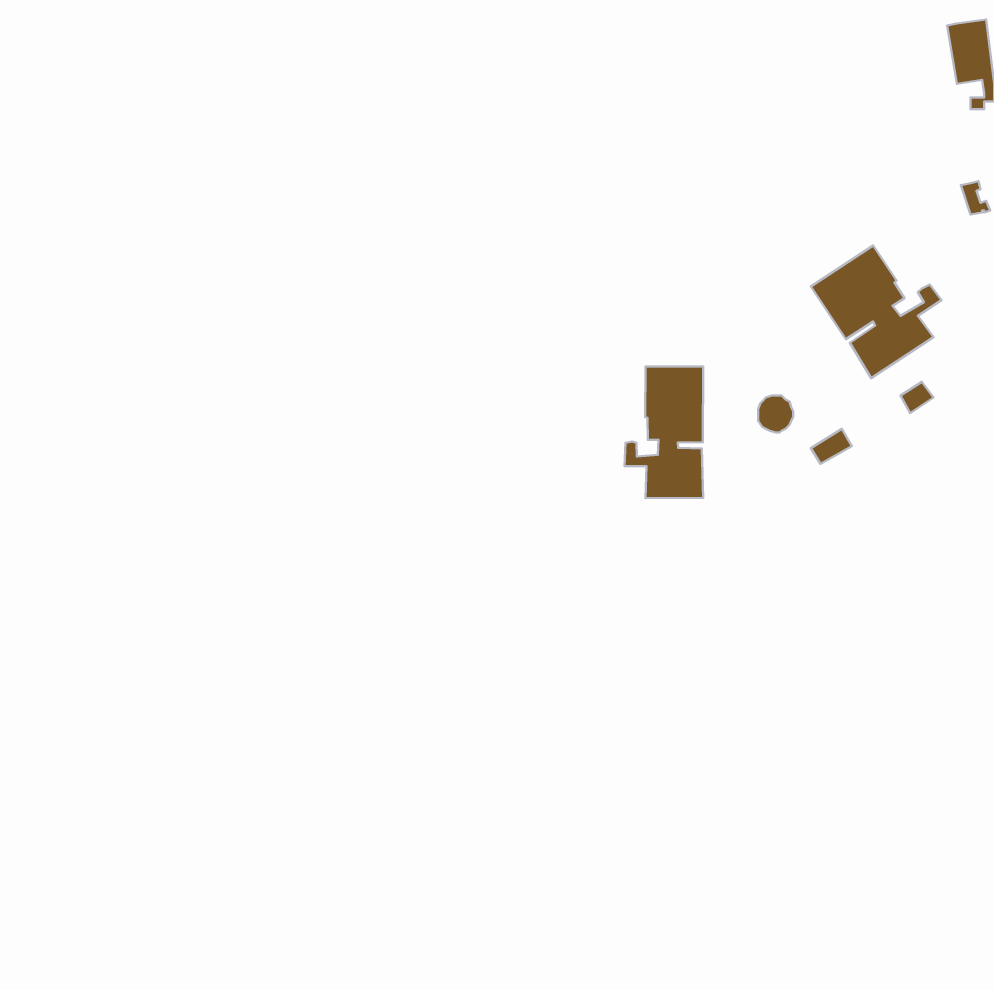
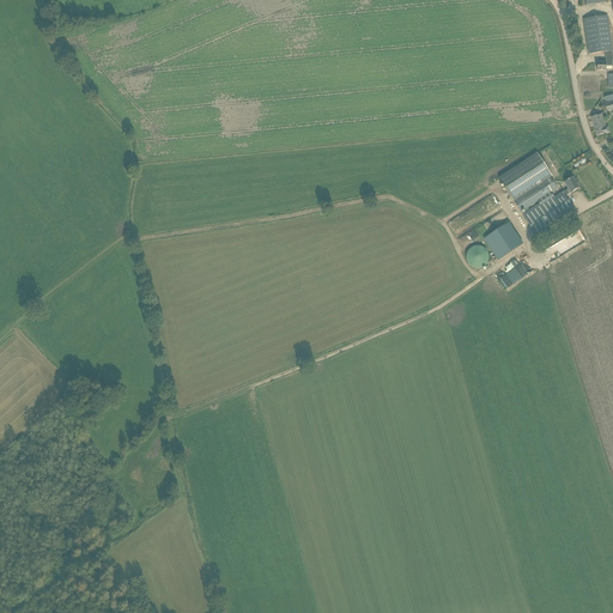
building: none -> [484,219,522,257]
building: [625,366,703,498] -> none

